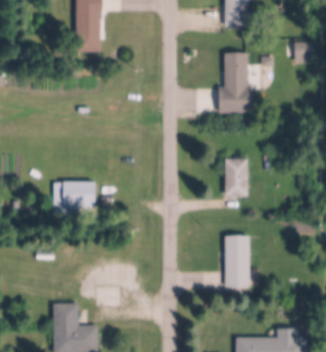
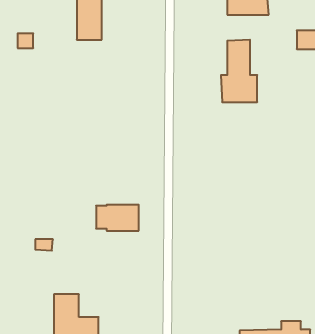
building: [226,160,248,196] -> none
building: [53,182,95,208] -> [96,205,139,231]
building: [225,236,249,288] -> none

